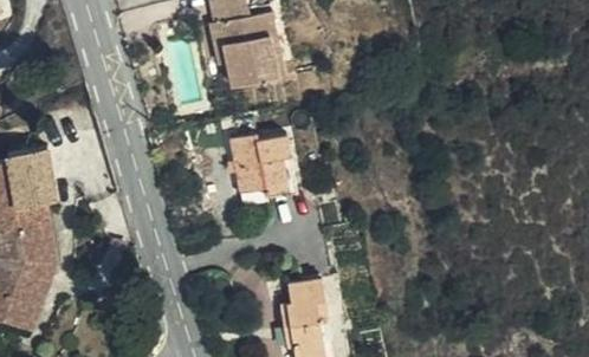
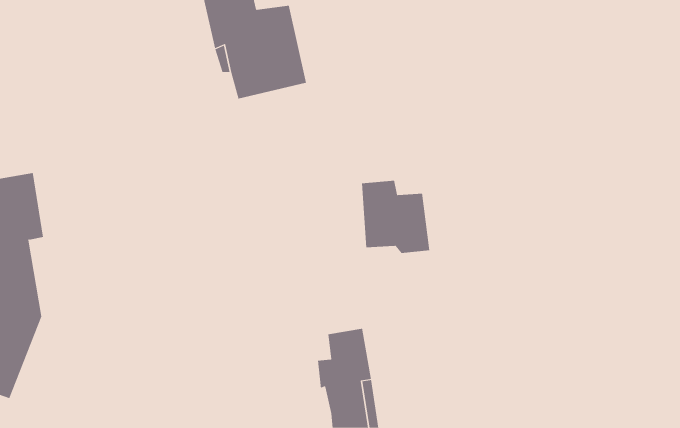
building: [232,136,287,195] -> [361,180,430,254]

